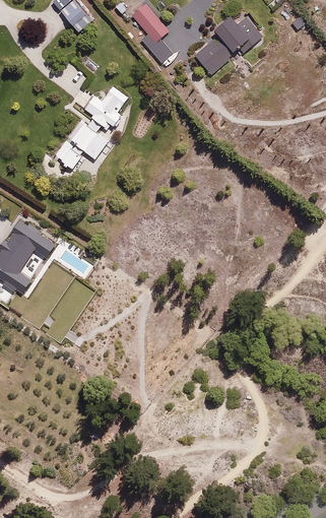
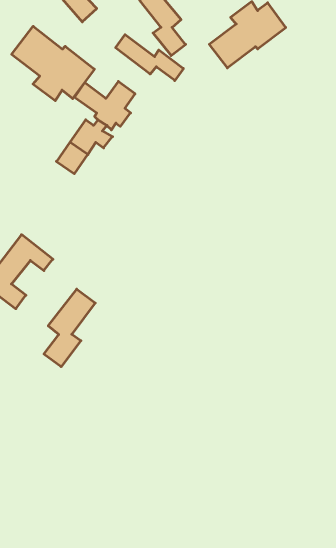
building: none -> [12,26,94,101]
building: none -> [116,35,183,81]
building: none -> [44,289,95,367]

